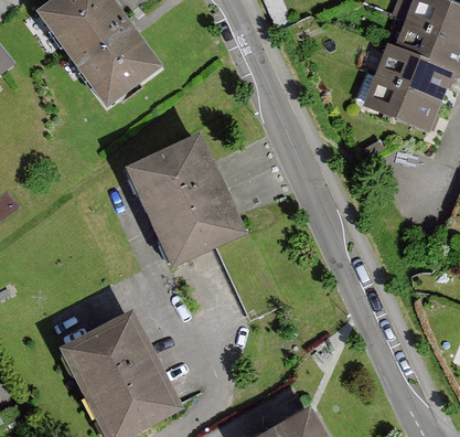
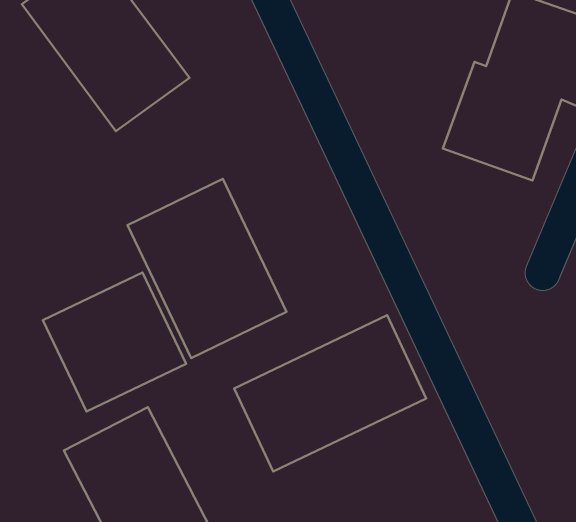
building: none -> [43,273,186,411]
building: none -> [234,315,426,472]

